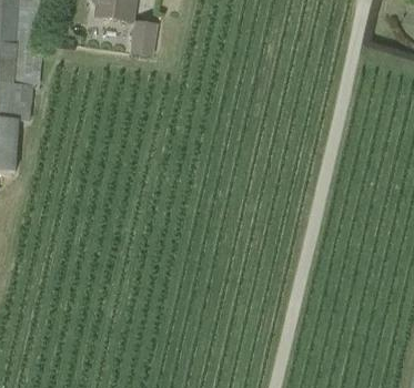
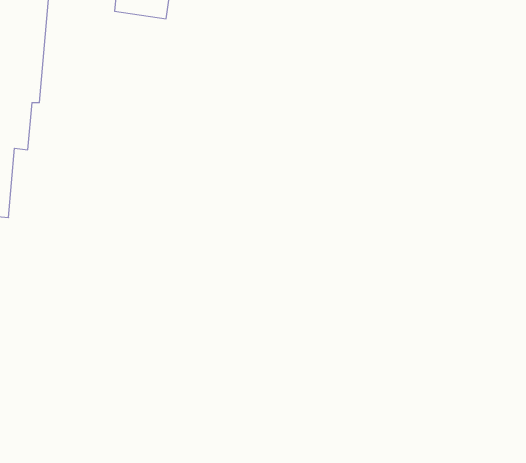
building: [130,19,158,54] -> none

